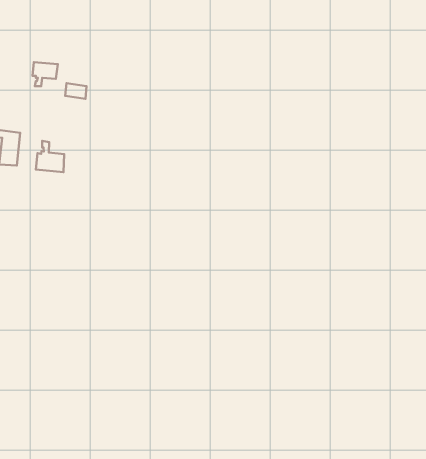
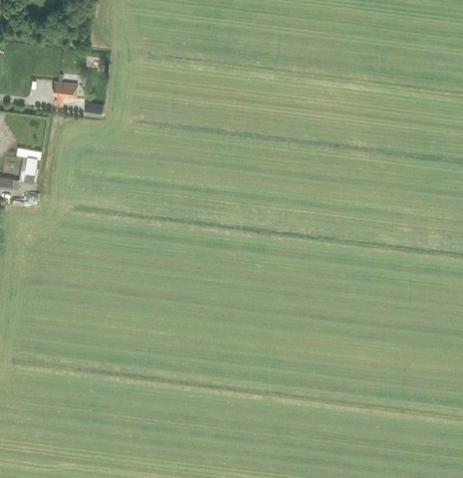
building: [36,141,64,172] -> none

